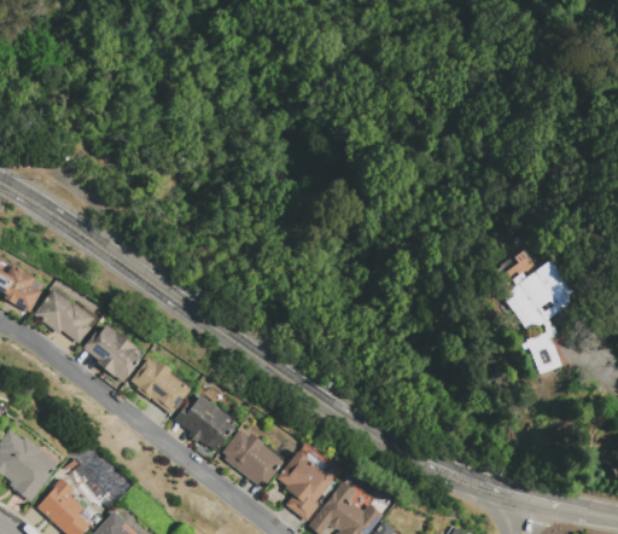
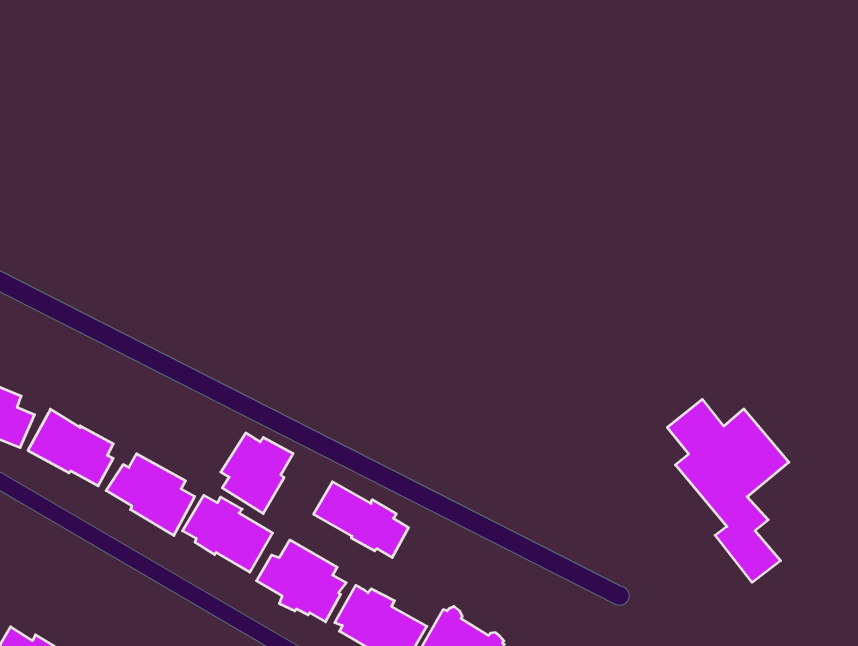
building: [499,250,576,375] -> [667,399,789,582]
building: none -> [221,433,293,514]
building: none -> [314,482,409,558]

